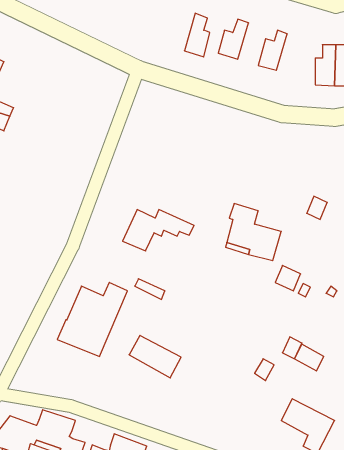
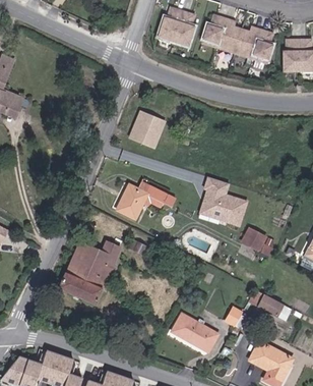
building: none -> [150,13,177,48]
building: none -> [212,24,236,60]
building: none -> [245,34,267,69]
building: none -> [132,111,166,148]
building: [129,335,181,378] -> [174,315,217,350]

